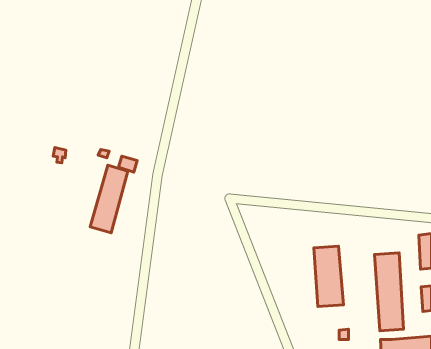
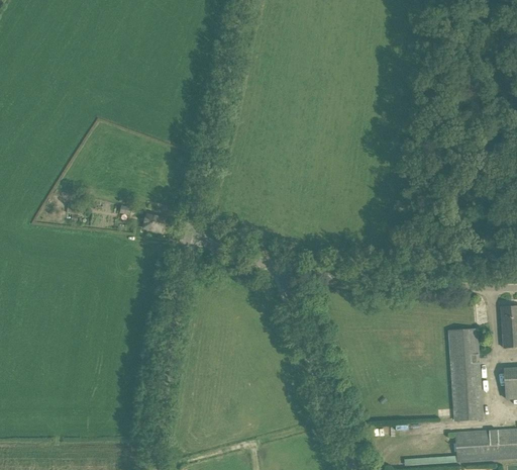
building: [90,165,128,233] -> none
building: [314,246,343,306] -> none

